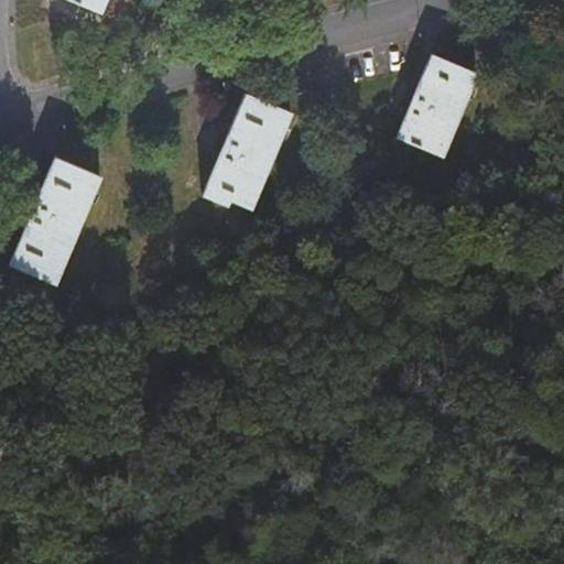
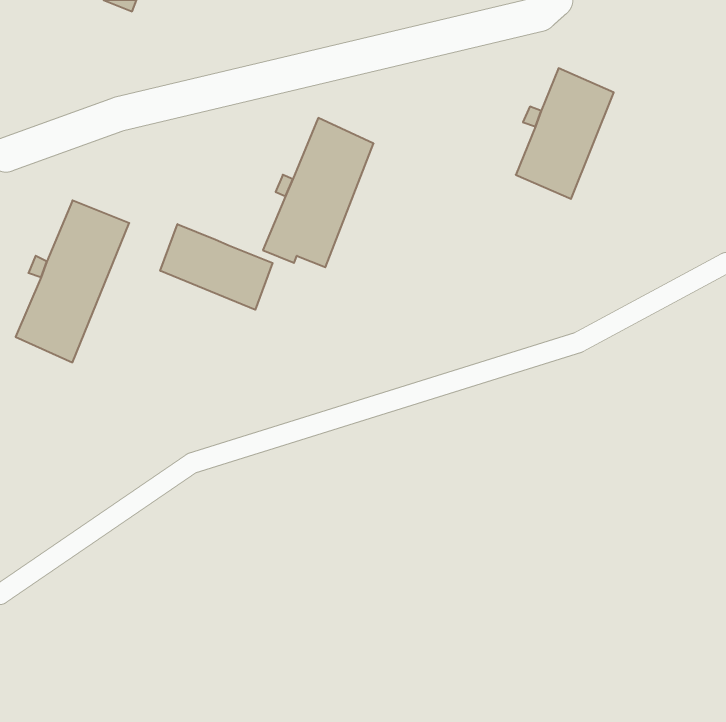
building: none -> [160,224,273,310]

